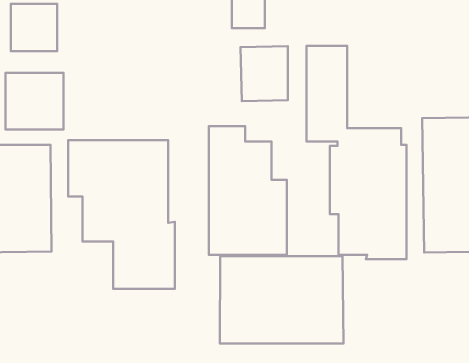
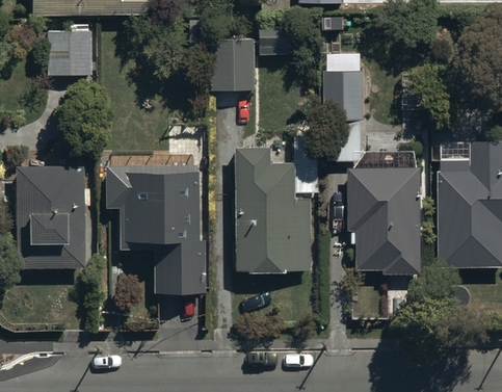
building: [241,46,288,101] -> [209,38,254,90]
building: [6,73,63,130] -> none
building: [220,256,343,343] -> none

